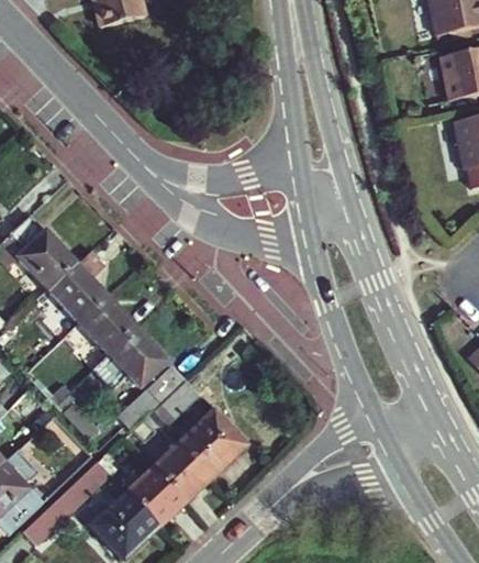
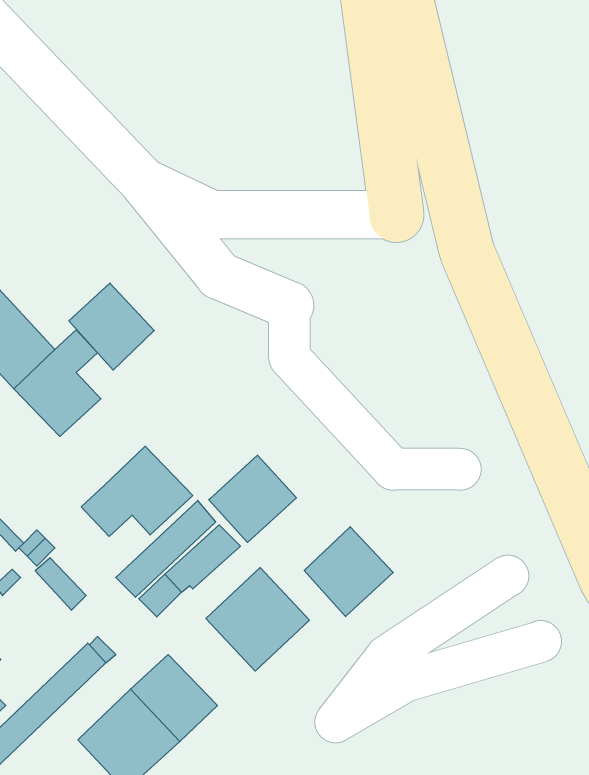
building: [79,296,136,354] -> [69,283,154,370]
building: none -> [209,455,296,542]
building: none -> [304,527,393,617]
building: [152,443,210,501] -> none

